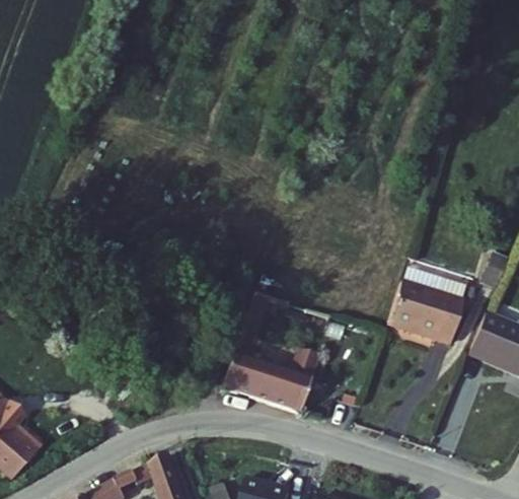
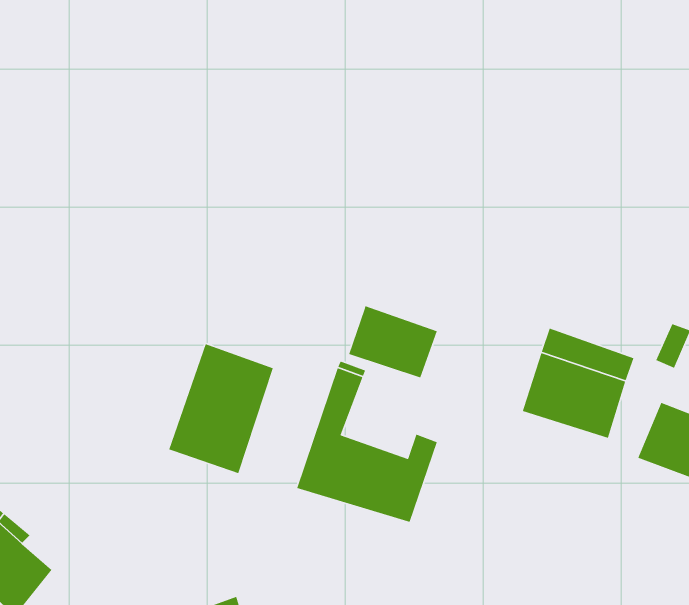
building: none -> [348,305,438,378]
building: none -> [168,343,274,474]

